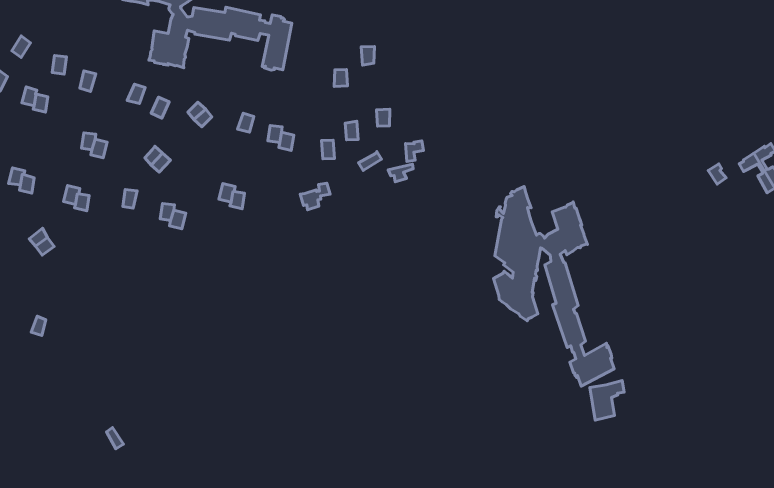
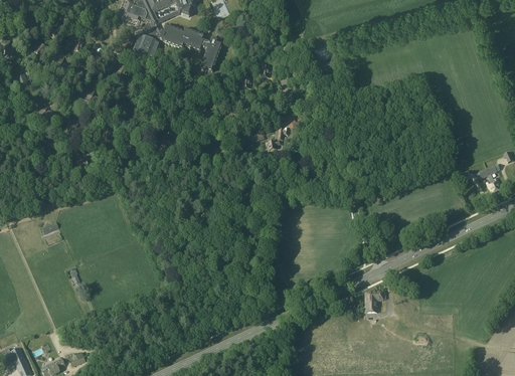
building: [493,186,614,386] -> none

